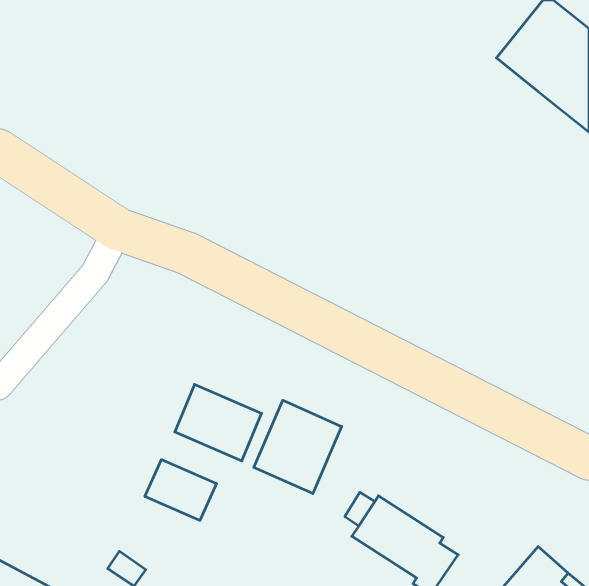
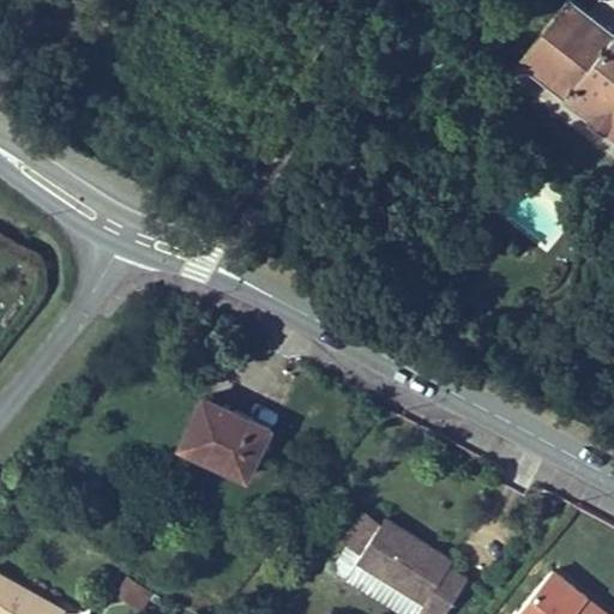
building: [254,400,342,494] -> none
building: [145,460,216,520] -> none

